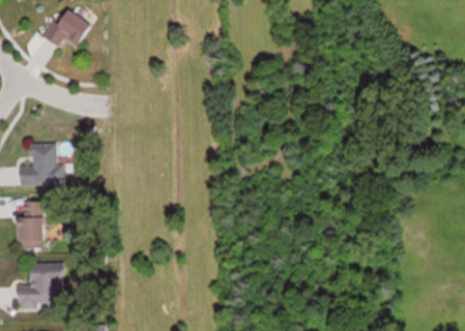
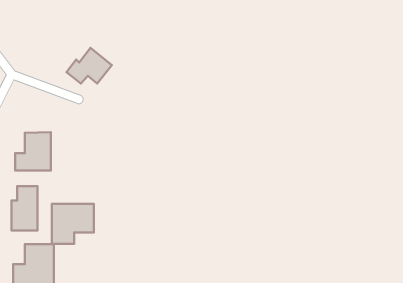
building: [42,8,91,47] -> [66,48,112,84]
building: none -> [52,204,94,244]

